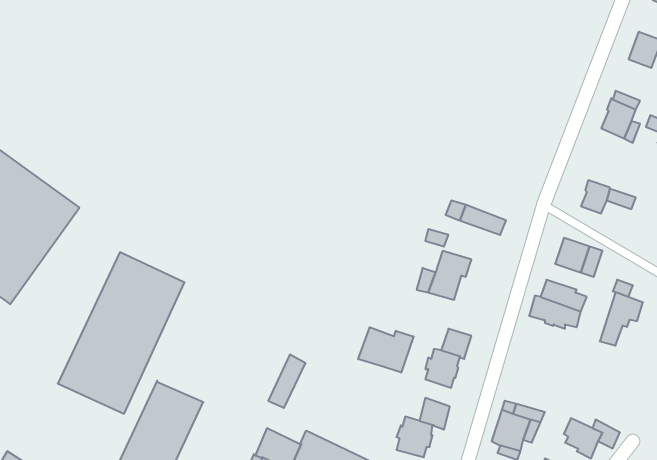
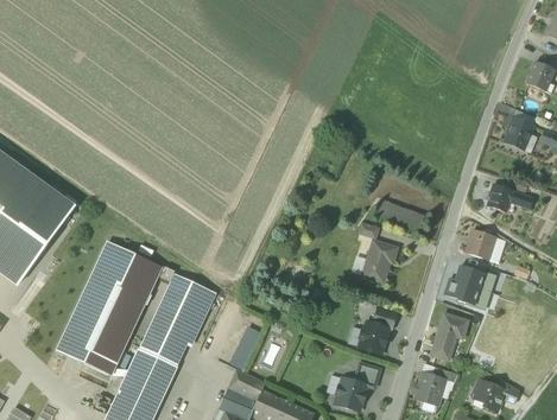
building: none -> [138,273,211,365]
building: [600,292,643,346] -> [430,313,466,357]
building: [358,327,414,373] -> none
building: none -> [228,368,265,400]

